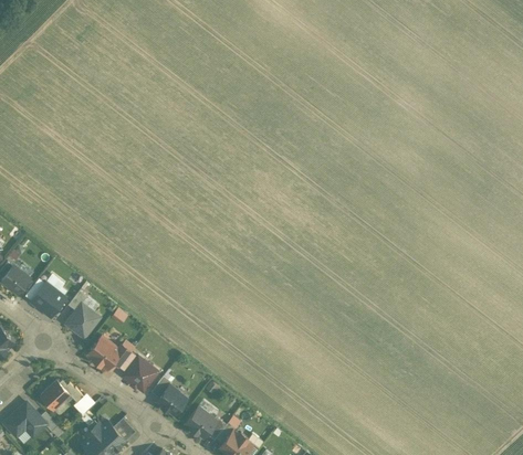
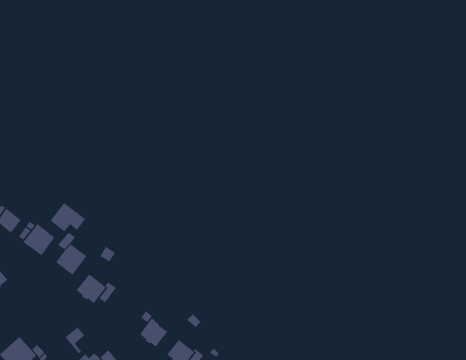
building: none -> [50,202,86,232]
building: [123,356,158,391] -> none
building: [40,380,70,410] -> none

